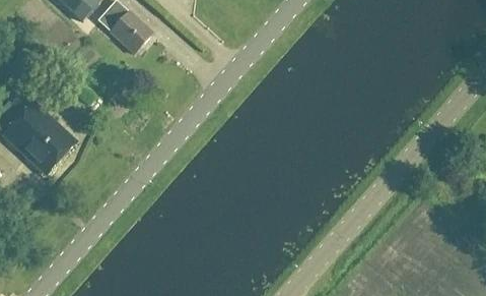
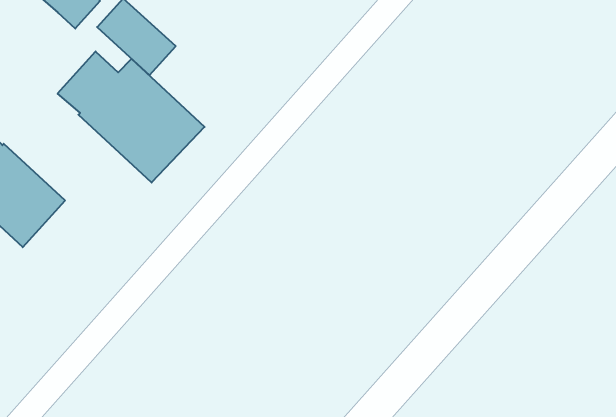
building: none -> [58,51,205,183]

